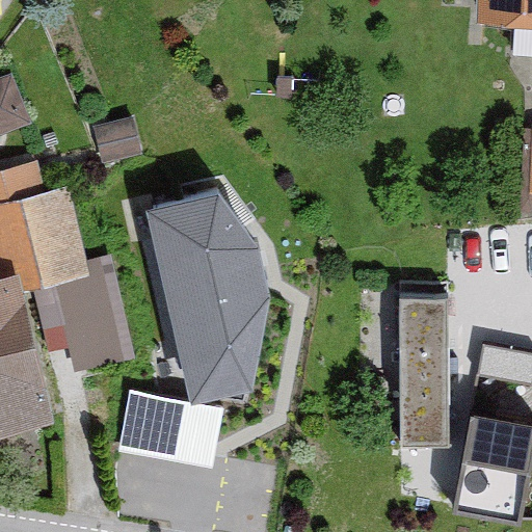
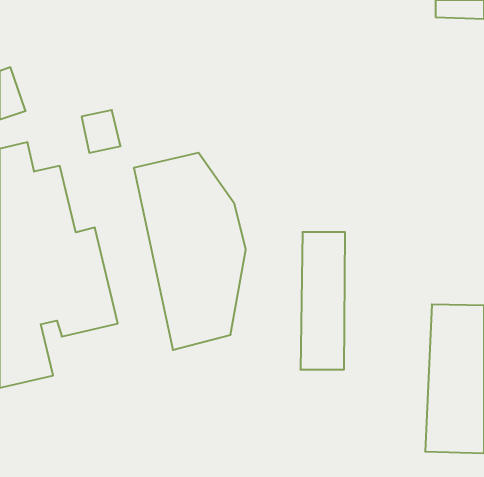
building: [398,301,447,452] -> [300,232,345,370]
building: [116,389,224,471] -> none

